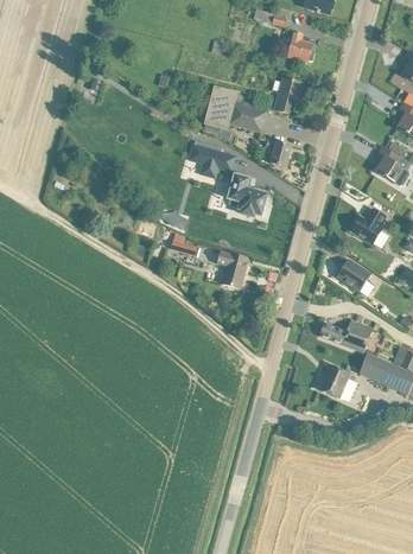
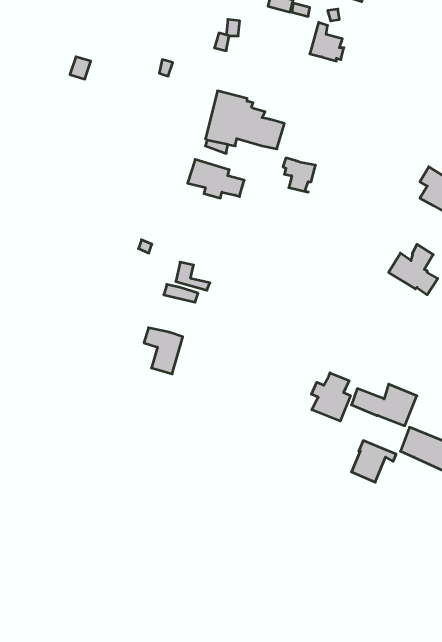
building: [274,77,303,113] -> none
building: [225,168,267,216] -> none
building: [217,251,248,288] -> [144,328,183,374]
building: [337,259,370,291] -> none
building: none -> [311,373,350,421]

